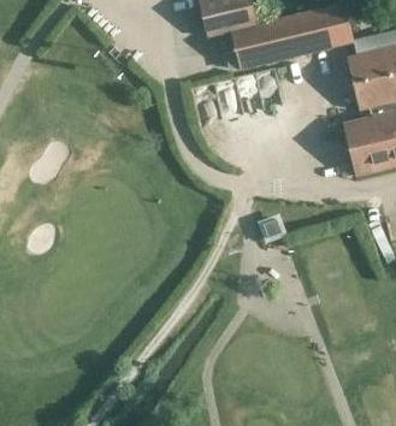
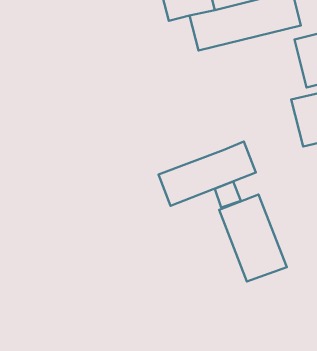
building: none -> [158,141,256,206]
building: none -> [219,195,287,281]

